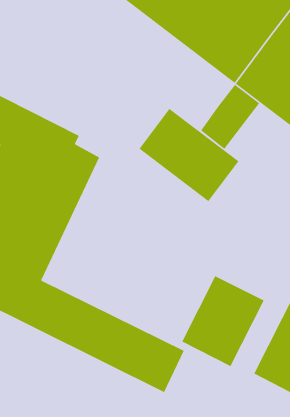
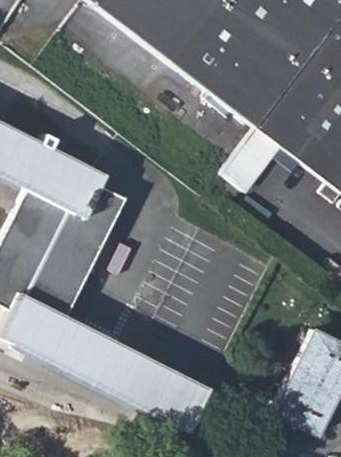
building: [138,108,239,202] -> none
building: [181,275,265,367] -> none

